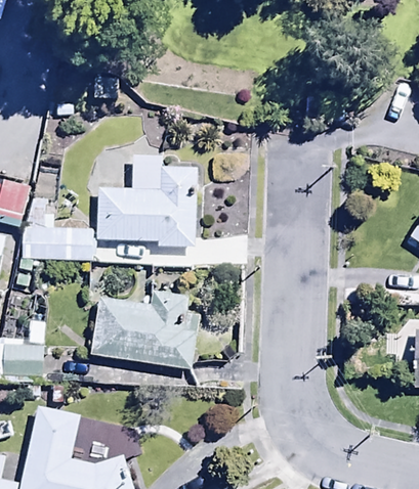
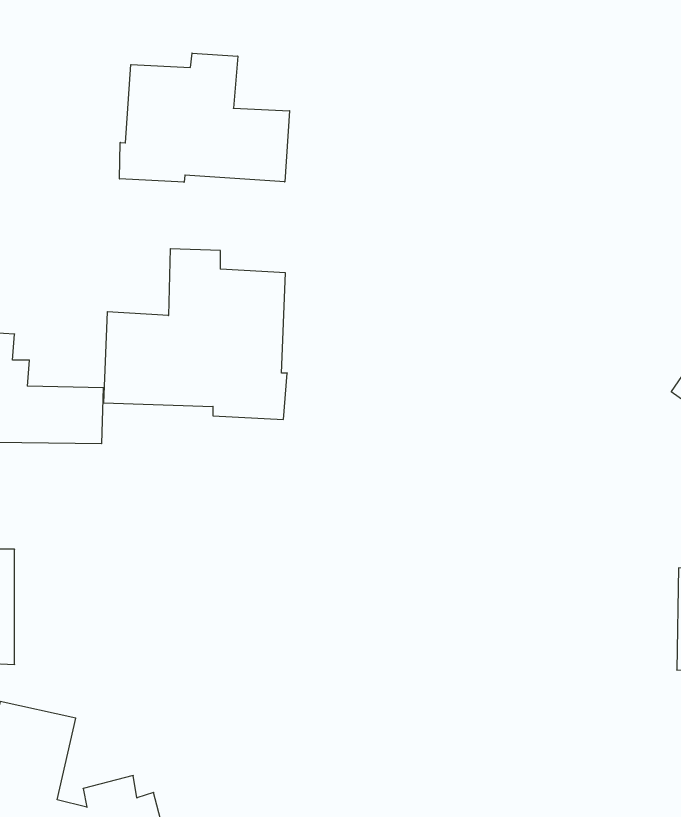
building: none -> [120,53,290,182]
building: [91,291,200,369] -> none

